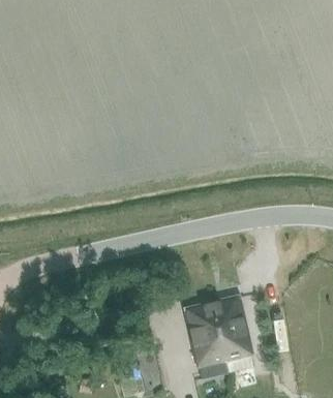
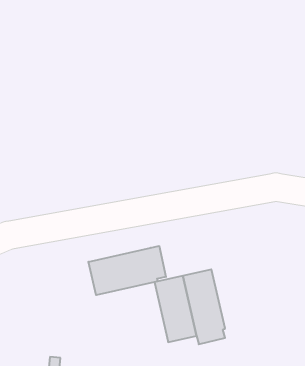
building: none -> [88,246,166,295]

